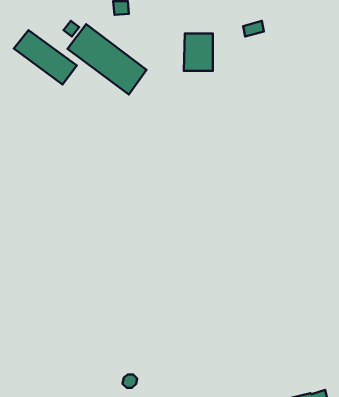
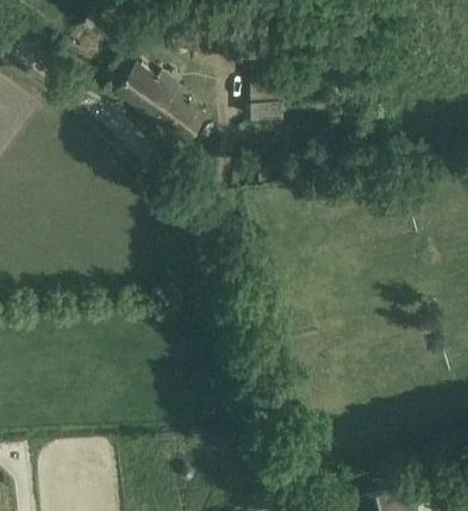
building: [14,30,77,85] -> none

